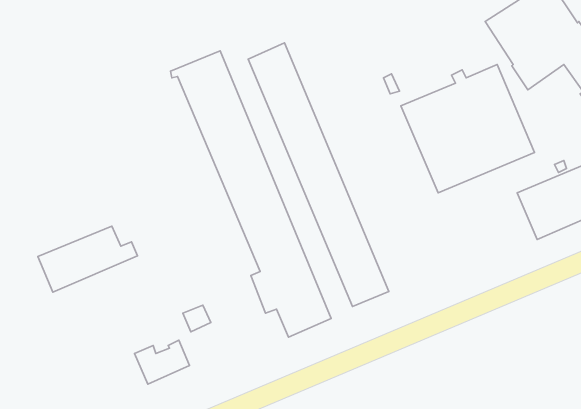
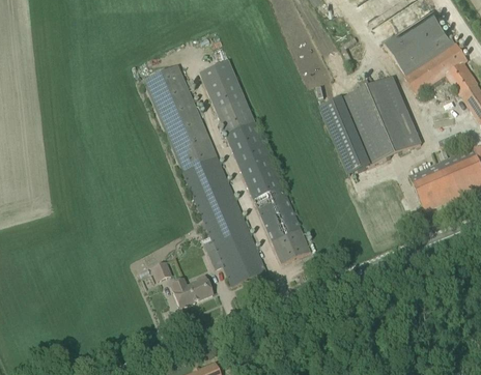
building: [38,226,138,292] -> none
building: [135,340,189,384] -> [169,275,211,309]

